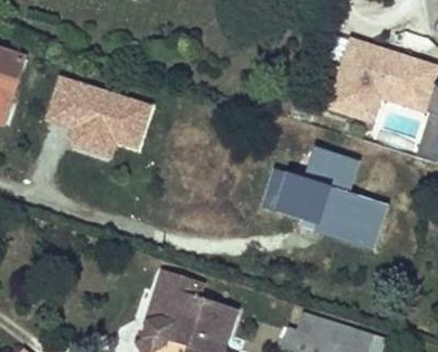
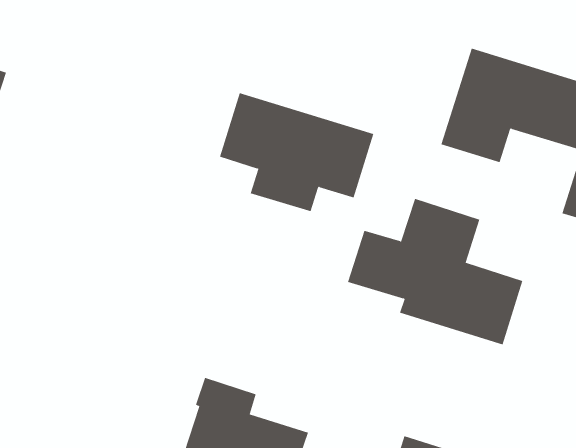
building: [46,75,155,159] -> [219,92,374,212]

